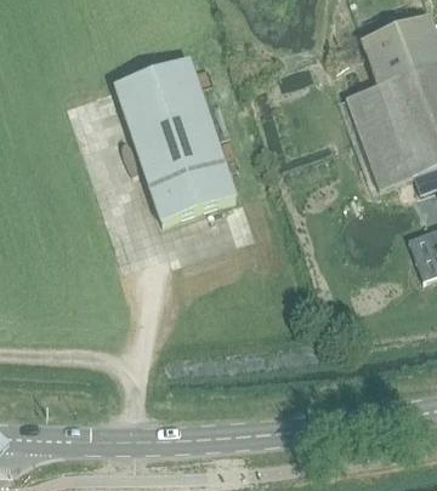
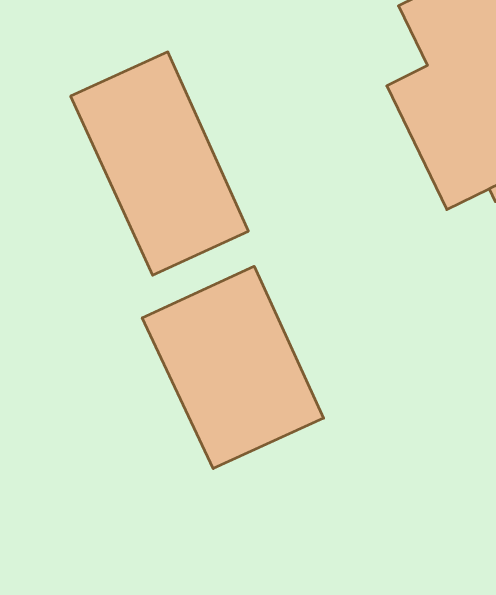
building: none -> [142,266,324,469]

